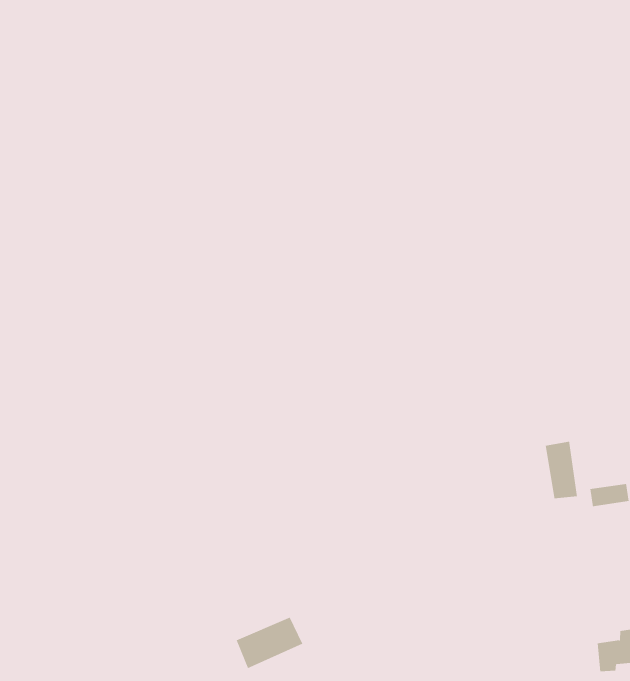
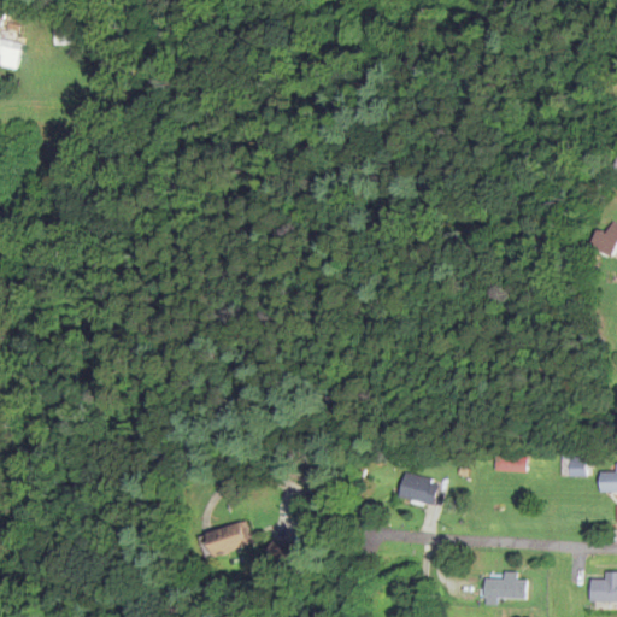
building: [545,441,578,499] -> none
building: none -> [396,471,437,506]

